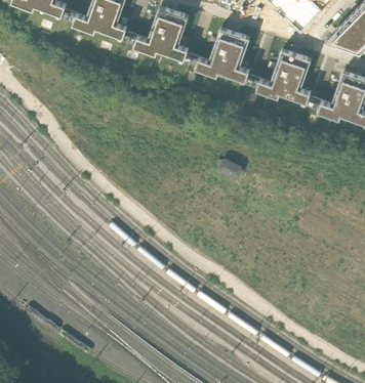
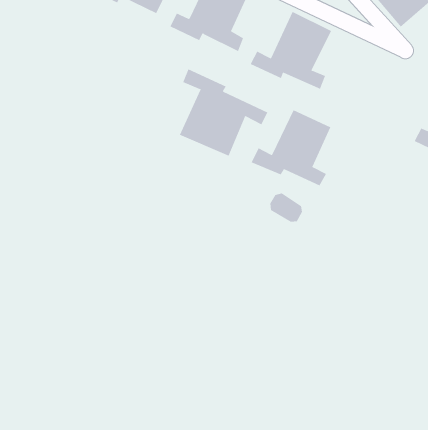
building: [255,50,311,103] -> [251,109,331,186]
building: none -> [179,69,268,157]

